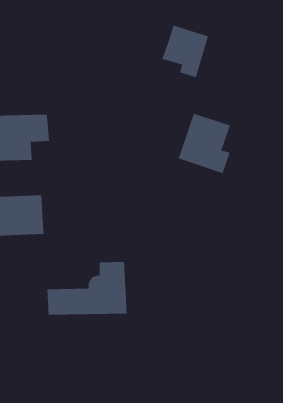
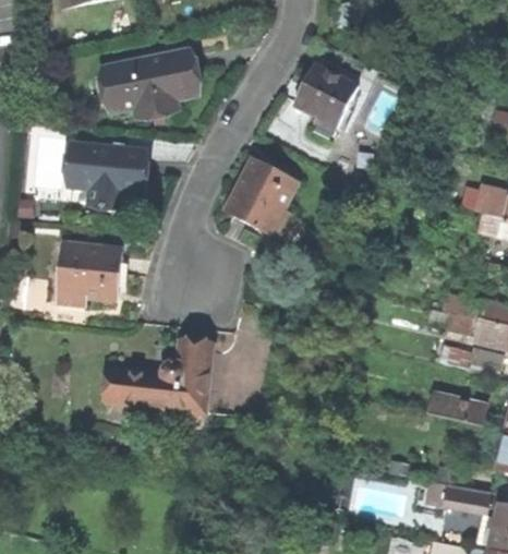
building: none -> [104,49,197,117]
building: [178,113,231,174] -> [226,158,298,239]

